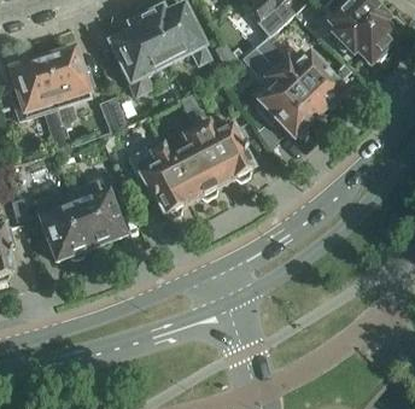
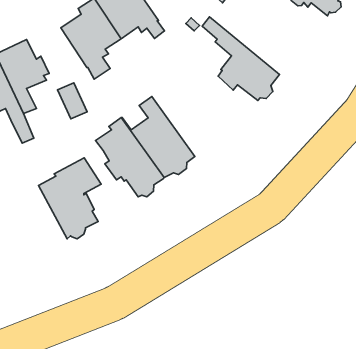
building: [256,37,340,111] -> none
building: [179,92,252,181] -> none
building: [34,191,89,258] -> none

